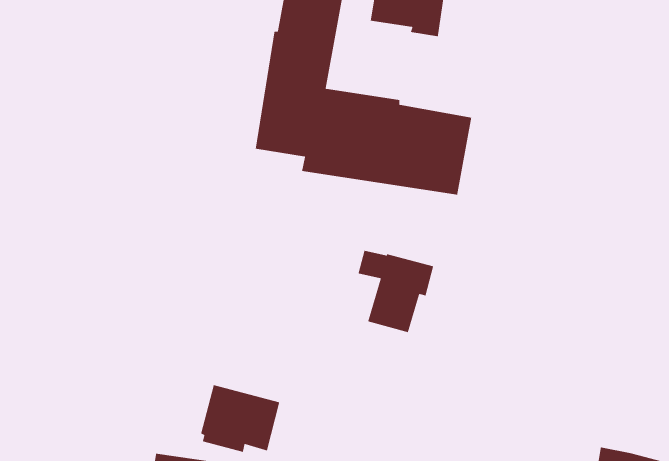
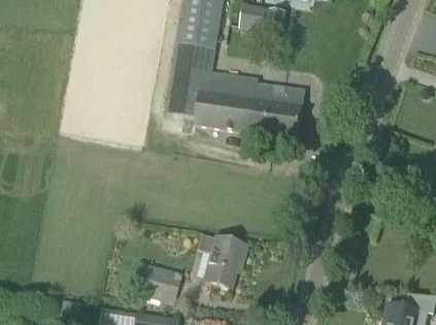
building: [357,250,434,333] -> [197,233,246,287]

